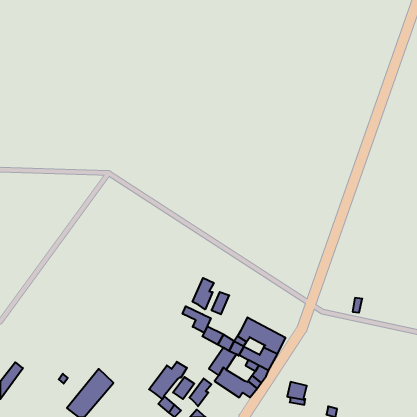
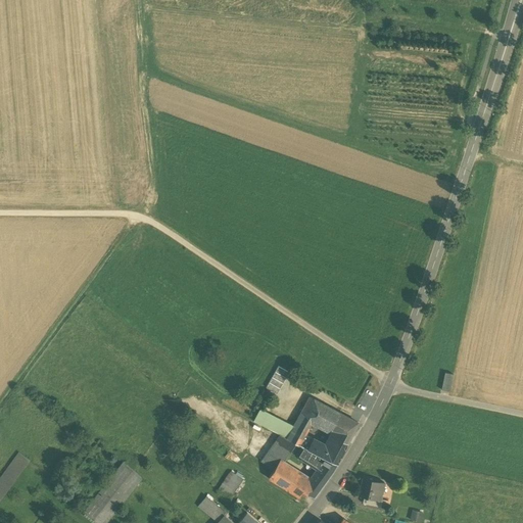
building: [193,278,214,309] -> none
building: [183,306,211,333] -> none
building: [149,362,187,399] -> none
building: [189,378,211,406] -> none

